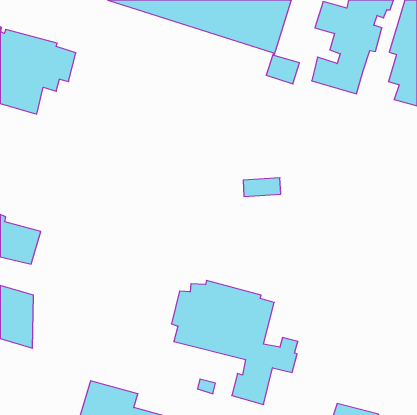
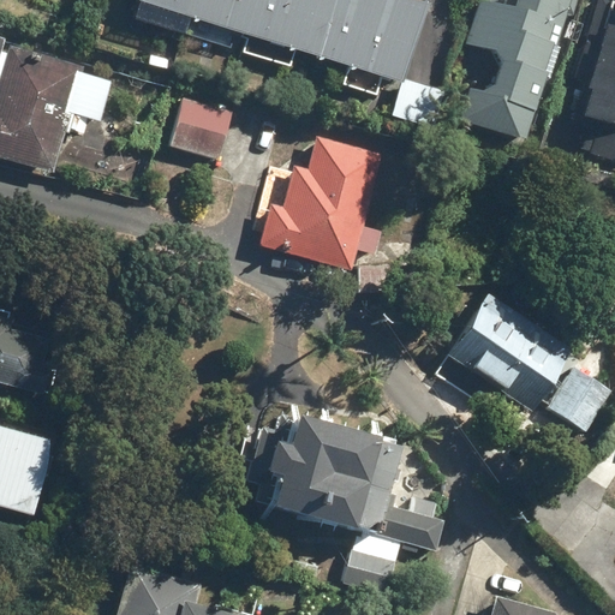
building: none -> [169,100,229,157]
building: none -> [261,136,380,269]
building: none -> [447,294,572,413]
building: none -> [542,368,607,438]

